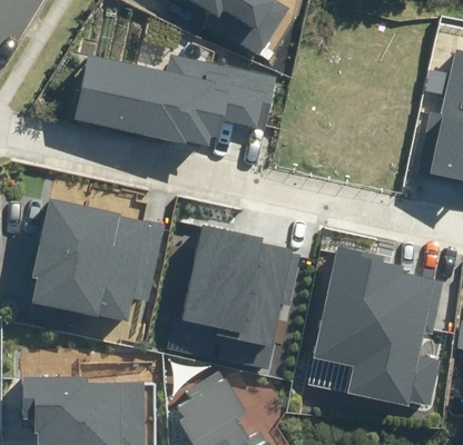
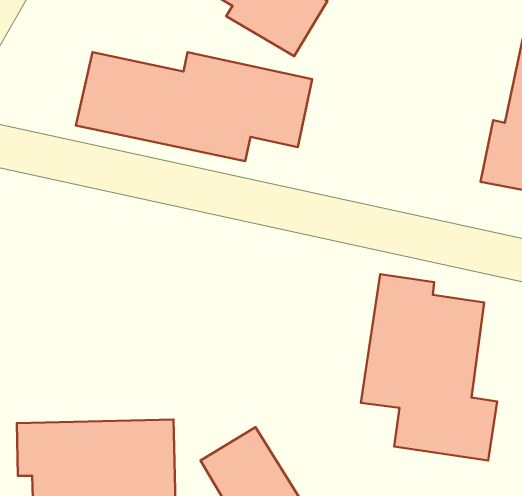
building: [30,199,164,335] -> none
building: [178,231,292,367] -> none

